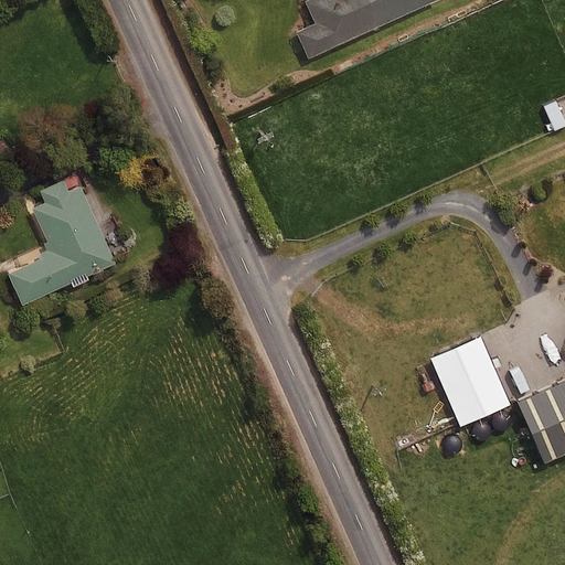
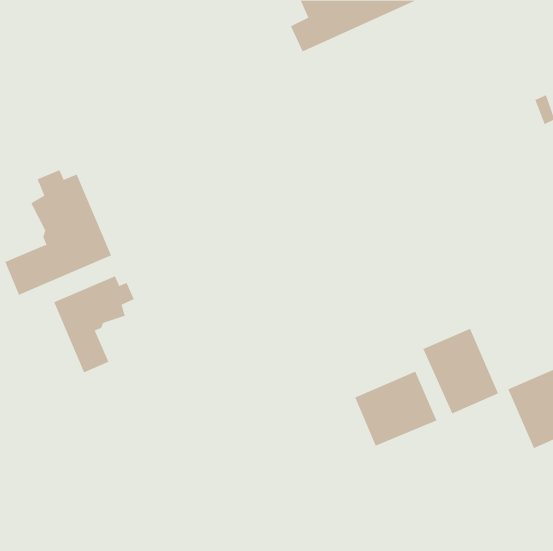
building: none -> [53,275,134,373]
building: none -> [355,371,437,447]

